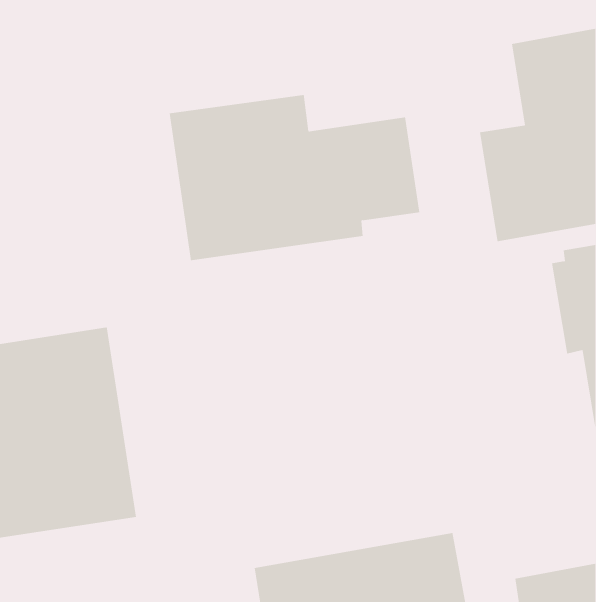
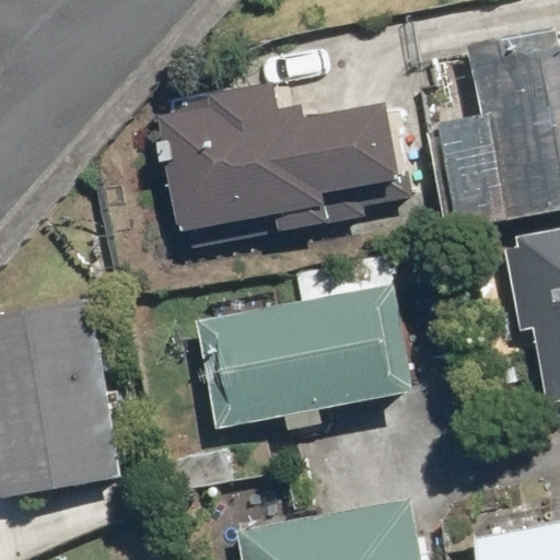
building: none -> [197,284,418,424]

